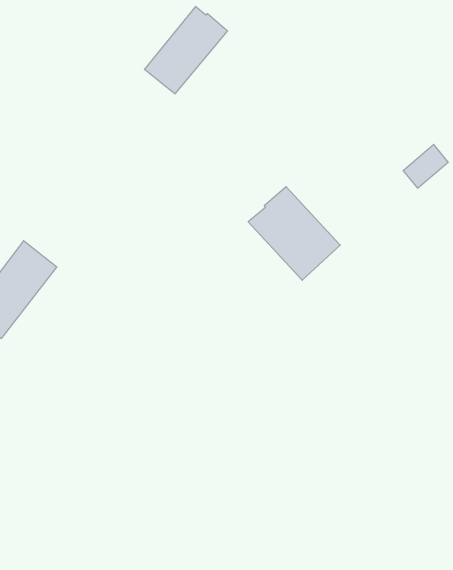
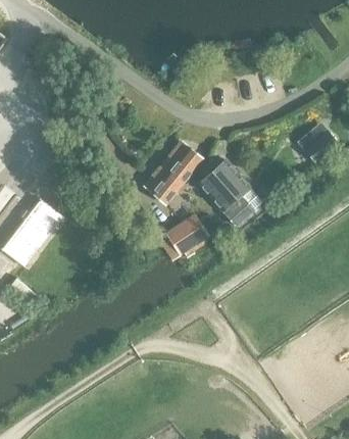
building: [144,6,228,94] -> [143,142,201,203]
building: none -> [164,214,207,254]

